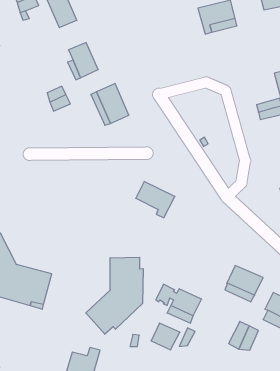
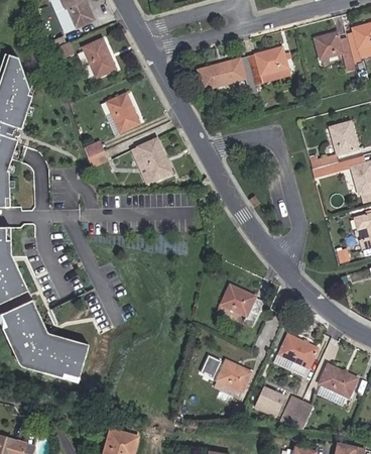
building: none -> [199,55,257,93]
building: [136,182,175,218] -> [222,285,264,324]
building: [86,257,143,334] -> none
building: [151,323,180,350] -> [255,387,286,417]

